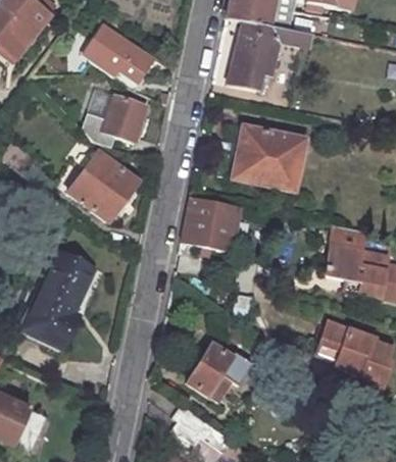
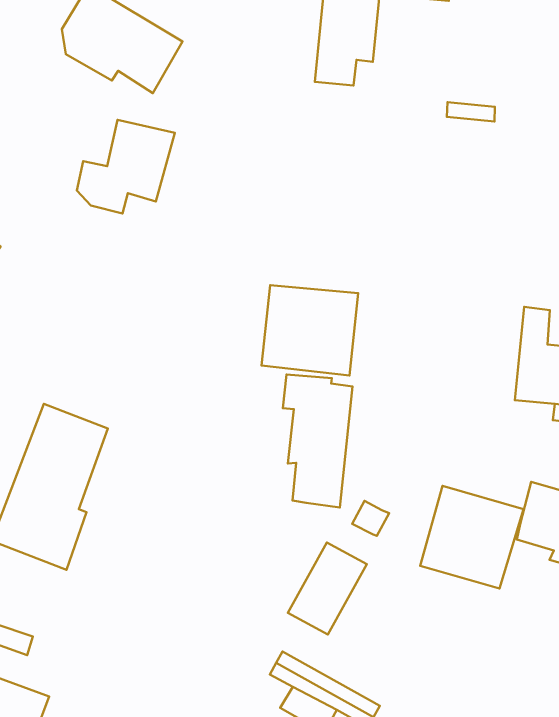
building: [221,127,303,189] -> none
building: [68,149,137,218] -> none
building: none -> [283,374,353,507]
building: none -> [420,486,523,588]

